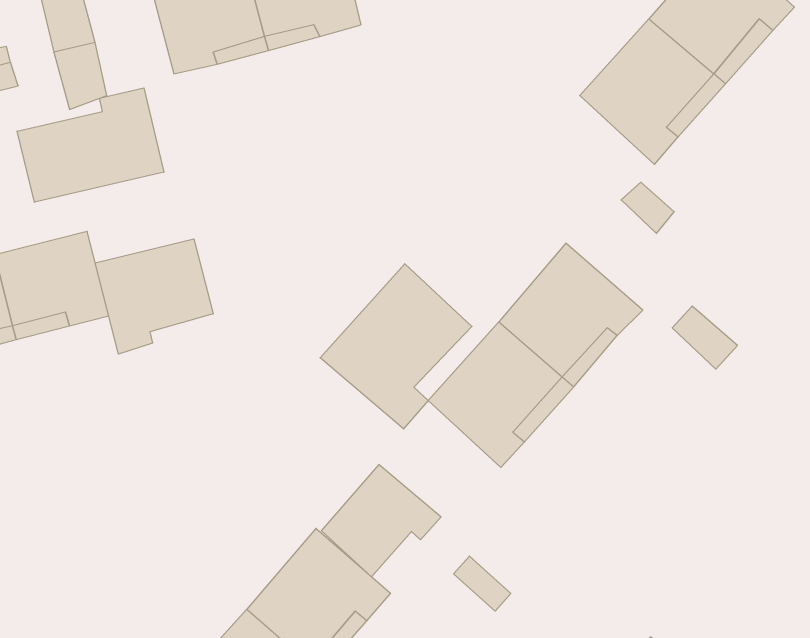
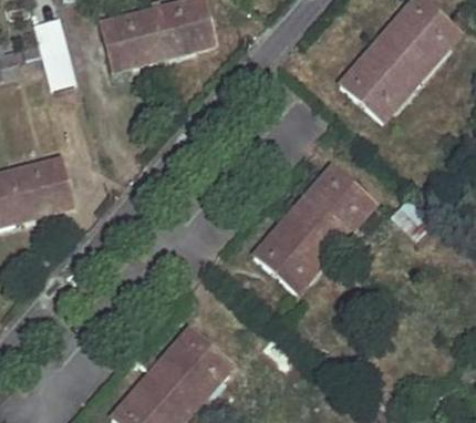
building: [17,88,164,202] -> none
building: [95,239,213,354] -> none
building: [320,264,472,429] -> none
building: [321,465,441,577] -> none

